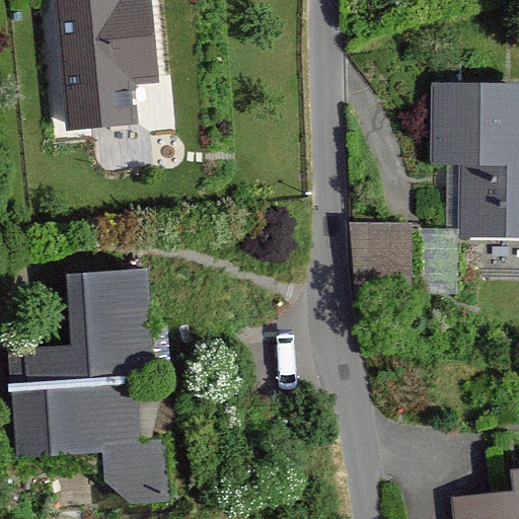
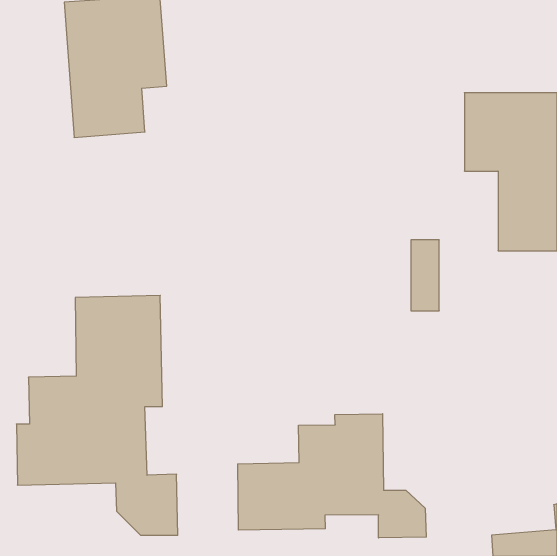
building: none -> [238,414,426,538]

